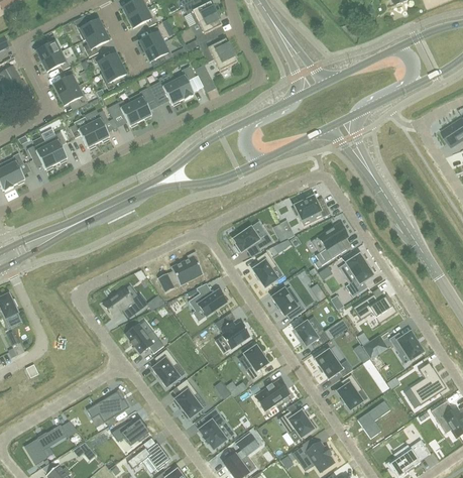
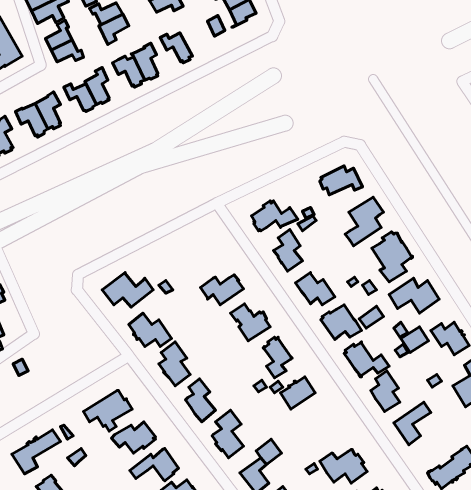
building: [170,65,196,99] -> none
building: [158,250,203,290] -> none
building: [278,409,313,437] -> none

